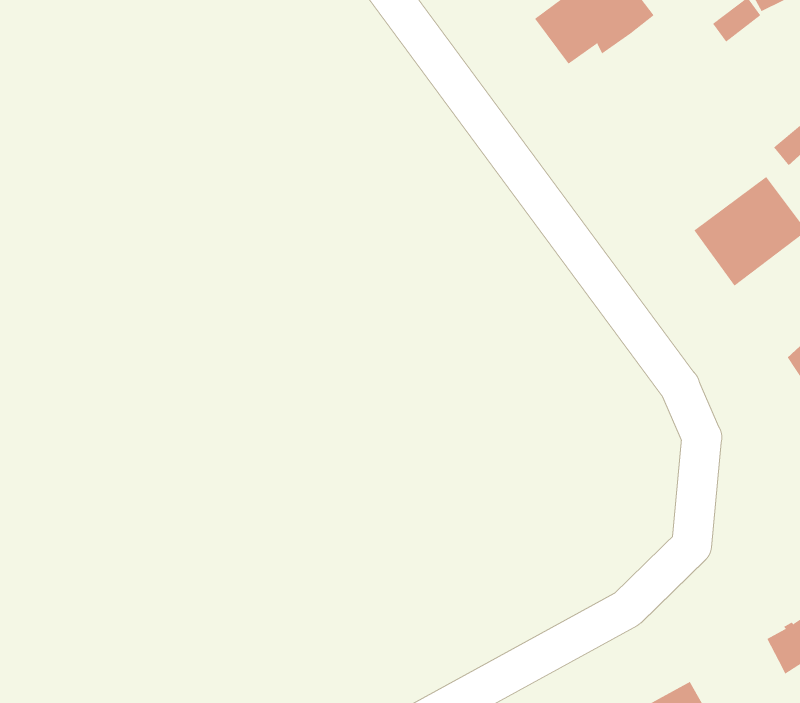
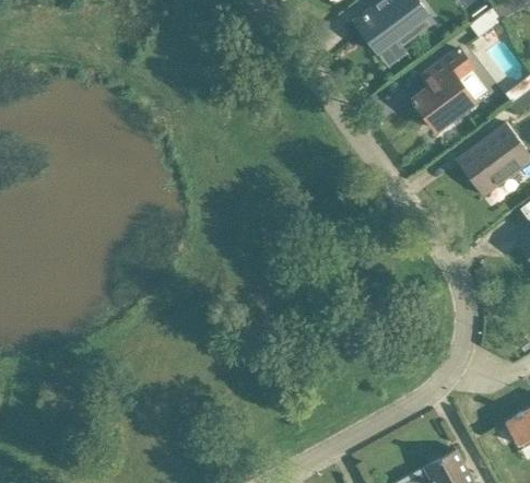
building: none -> [411,50,486,132]

